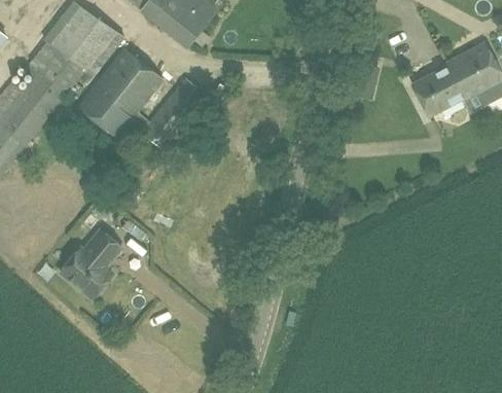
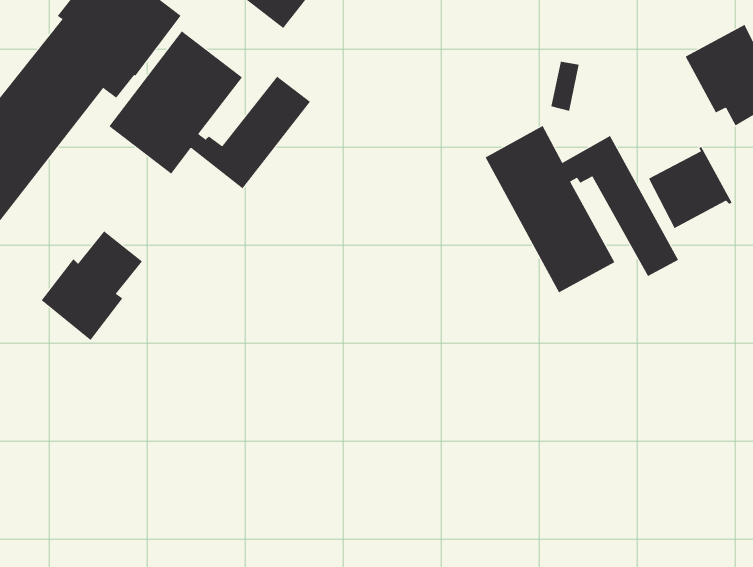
building: [409,63,463,115] -> [648,146,732,229]
building: none -> [485,125,679,293]
building: [60,229,124,299] -> [41,231,143,341]

